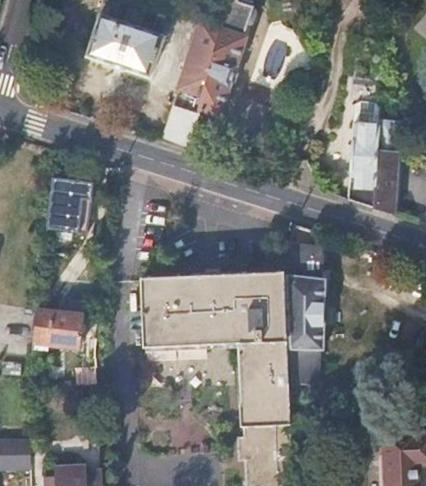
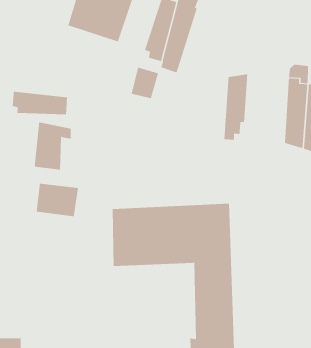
building: none -> [224,73,248,141]
building: none -> [12,90,68,115]
building: [287,242,324,384] -> none
building: [32,310,84,351] -> [36,183,79,217]

